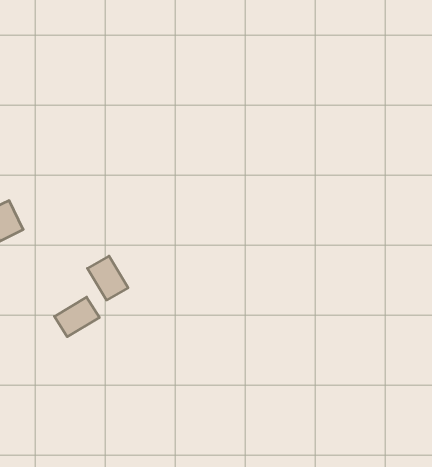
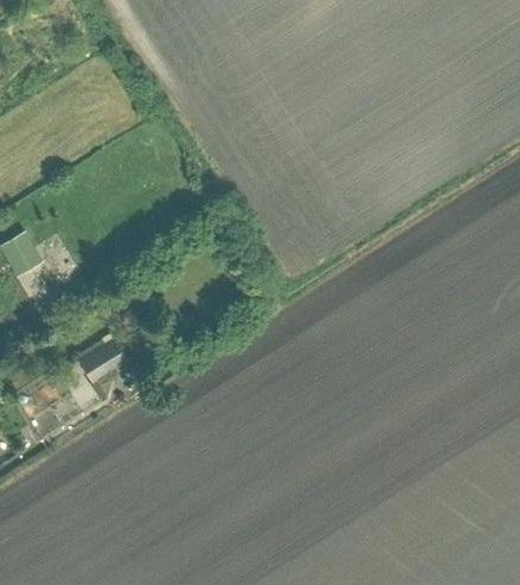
building: [87,256,128,300] -> none

